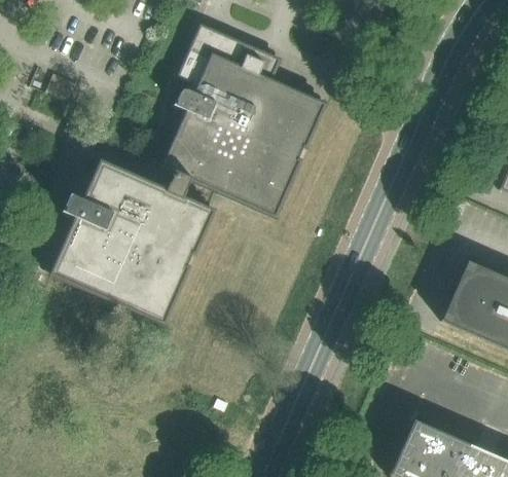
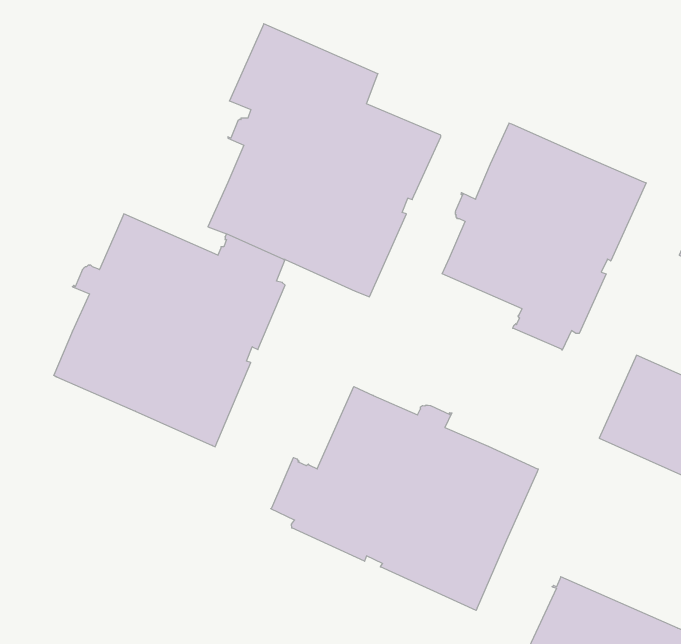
building: none -> [442,123,646,350]
building: none -> [271,387,538,610]

